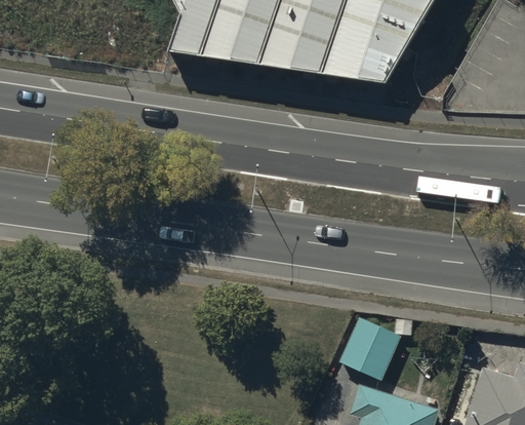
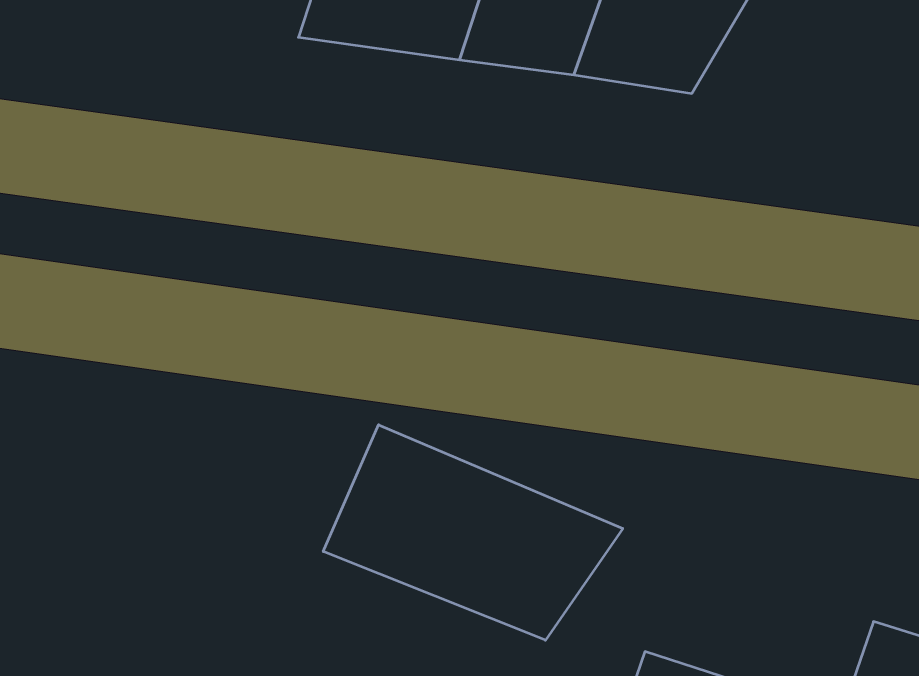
building: none -> [323,425,623,640]
building: [341,320,396,378] -> none

